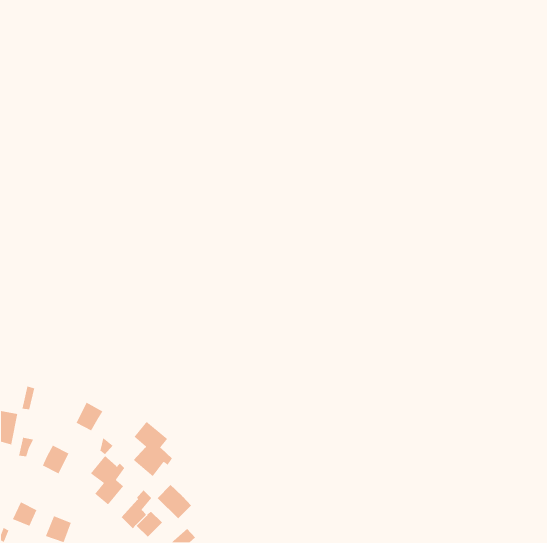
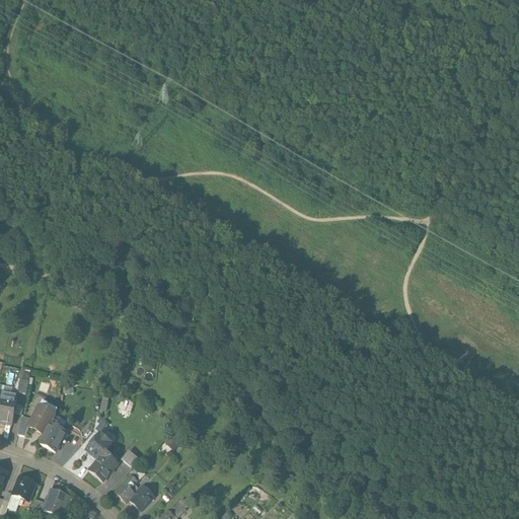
building: [76,402,103,432] -> [28,403,55,432]
building: [133,421,173,477] -> none
building: [157,484,192,519] -> none

